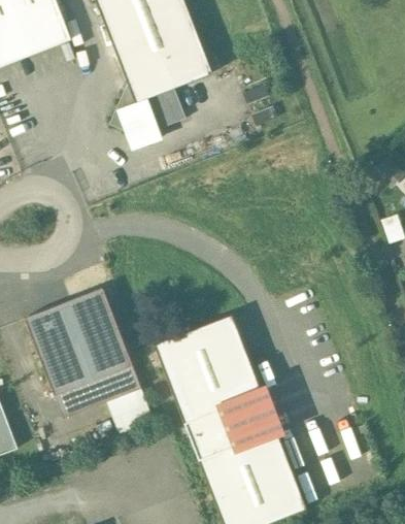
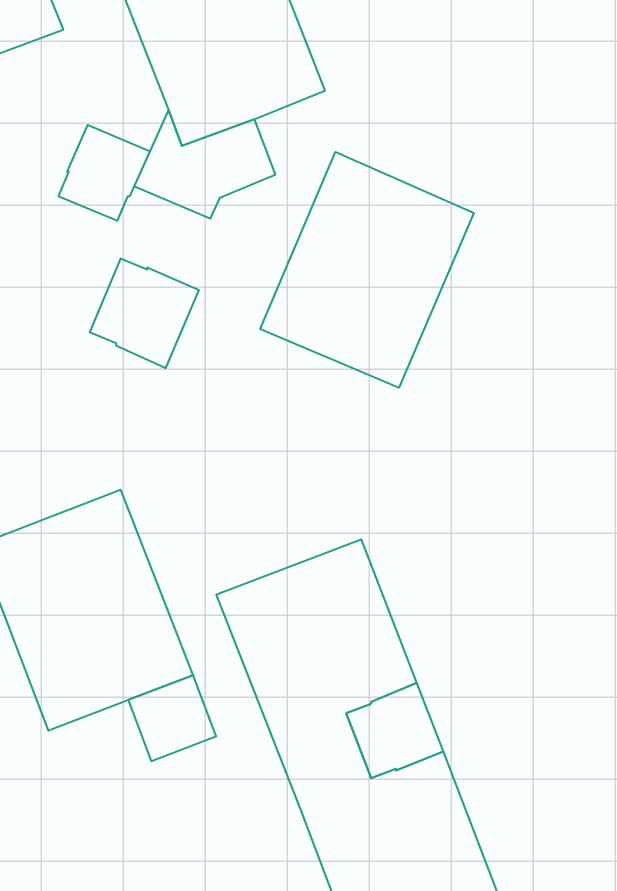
building: none -> [59,125,150,221]
building: none -> [260,152,474,388]
building: none -> [90,258,199,368]

